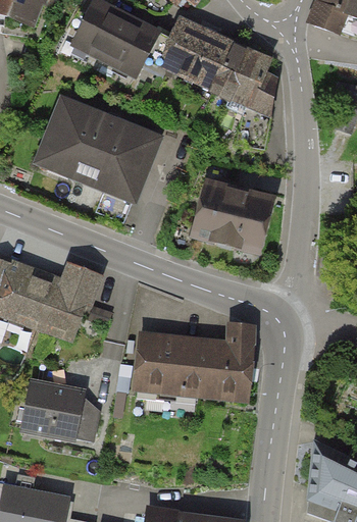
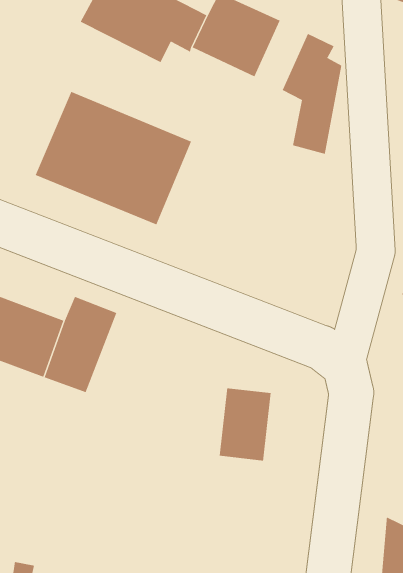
building: [209,44,251,99] -> none
building: [190,184,276,260] -> none
building: [216,321,254,396] -> none
building: [133,328,187,388] -> none
building: [13,374,99,438] -> none

